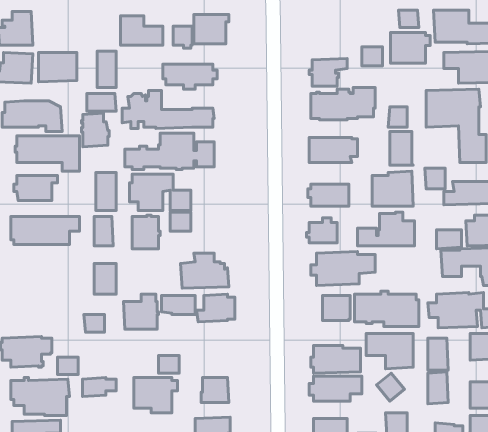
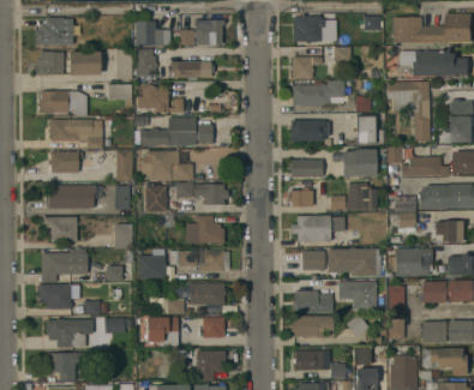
building: [391,32,430,63] -> [293,16,325,41]
building: [81,113,109,147] -> [134,48,157,76]
building: none -> [193,184,228,204]
building: none -> [43,216,77,242]
building: none -> [42,248,88,282]
building: none -> [190,282,226,304]

